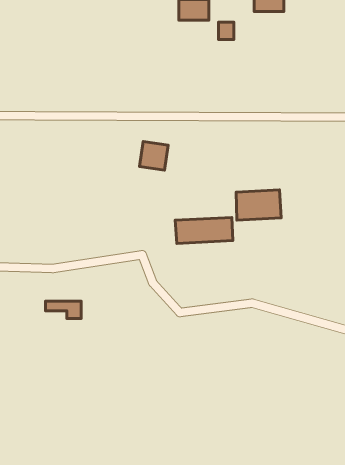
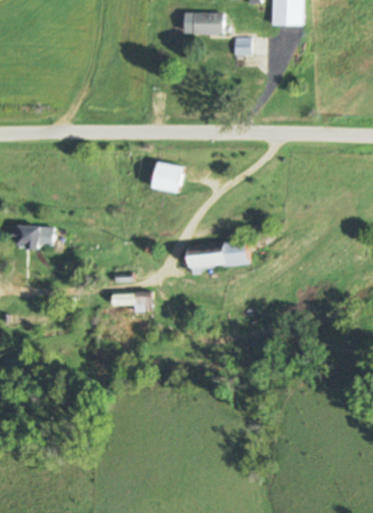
building: [236,190,281,220] -> none
building: none -> [16,225,52,248]
building: [46,301,81,319] -> [113,294,150,312]

